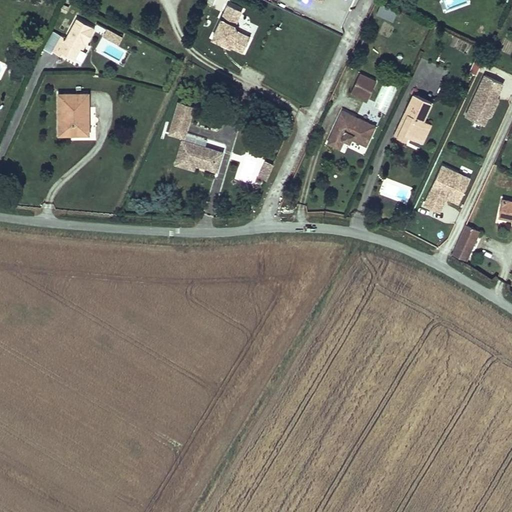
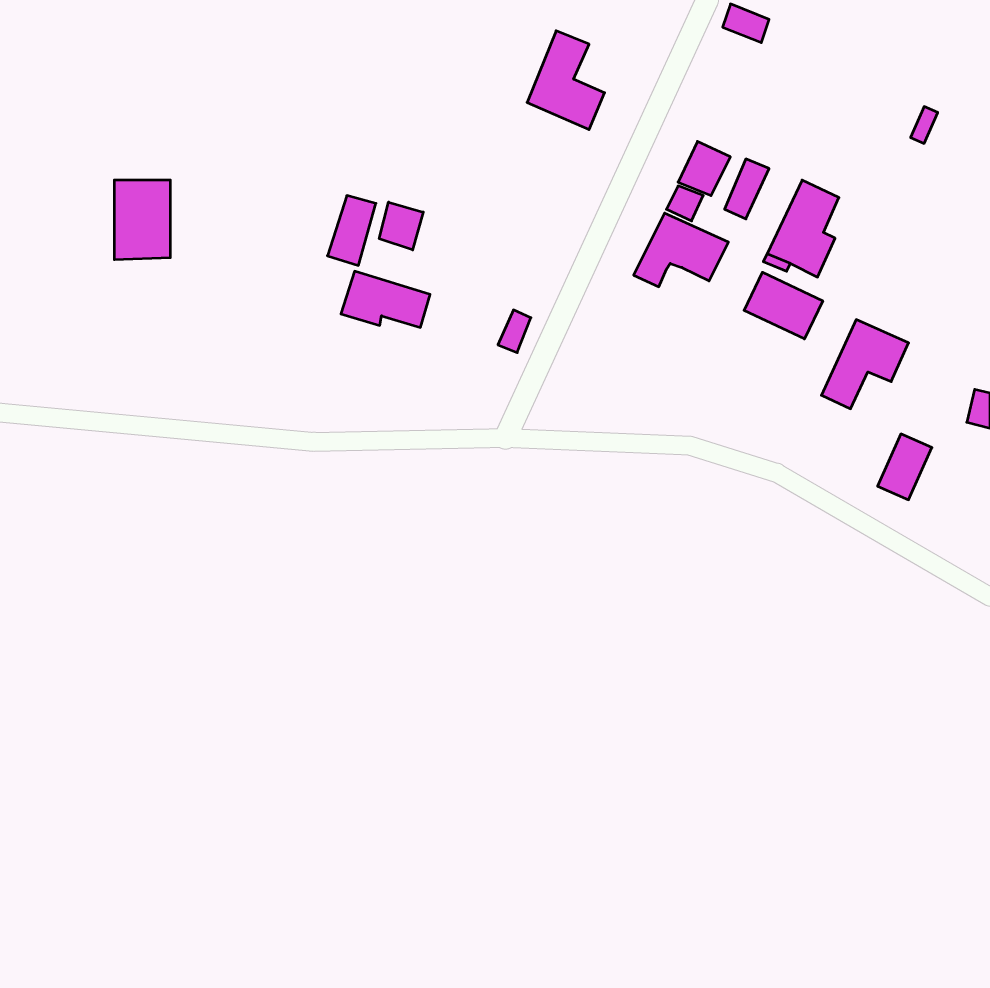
building: [212,5,252,56] -> [527,31,605,130]
building: [53,18,95,59] -> none
building: [465,78,501,124] -> none
building: none -> [379,202,423,250]
building: none -> [744,272,823,339]

